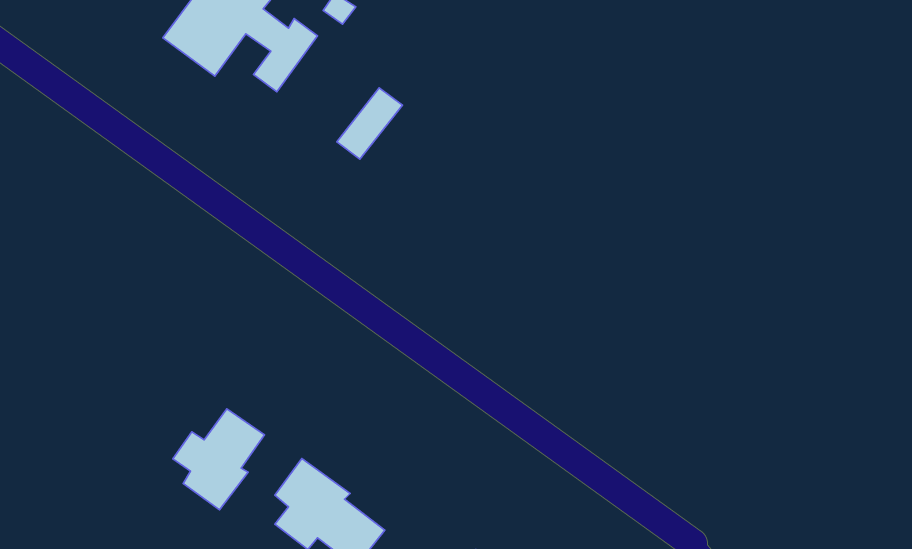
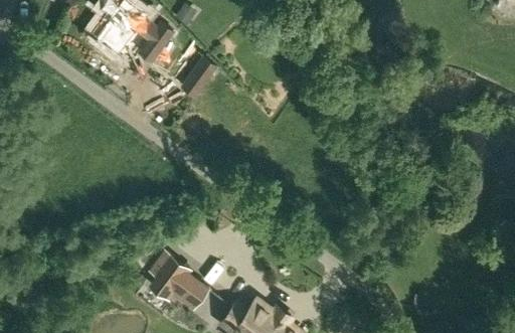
building: [173,409,265,510] -> none

